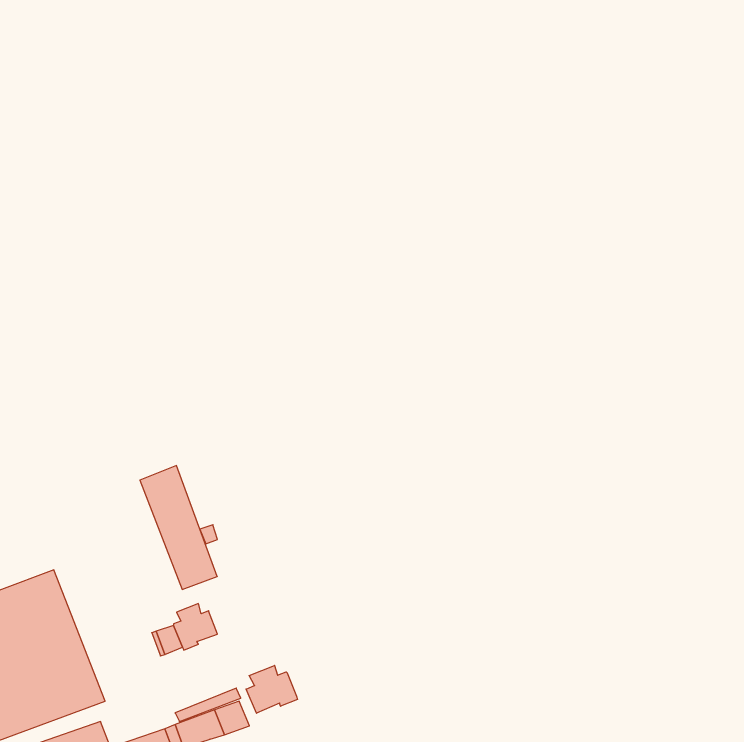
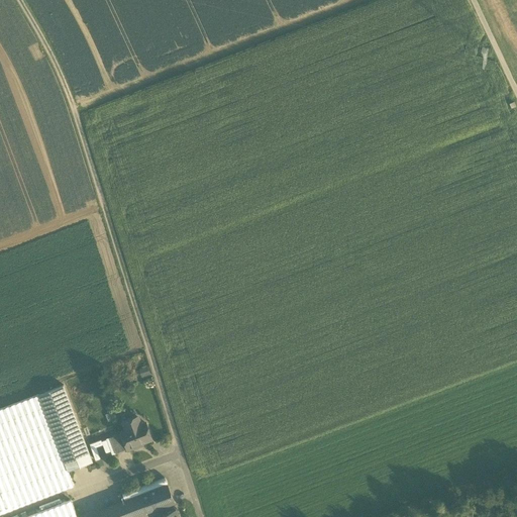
building: [140,466,217,589] -> [37,387,91,473]
building: [246,665,298,713] -> none

